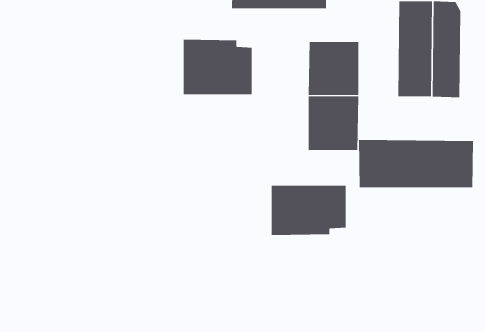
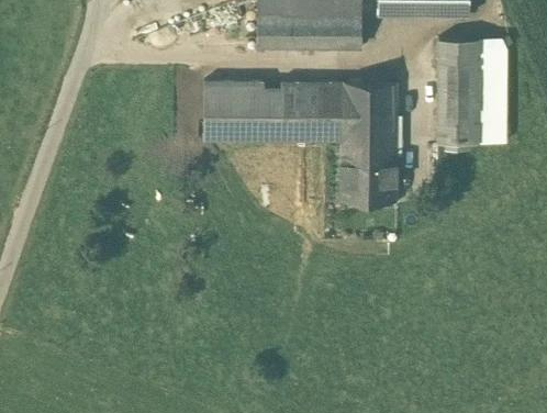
building: none -> [280,81,342,142]
building: [358,139,473,188] -> none
building: [271,185,346,236] -> none

